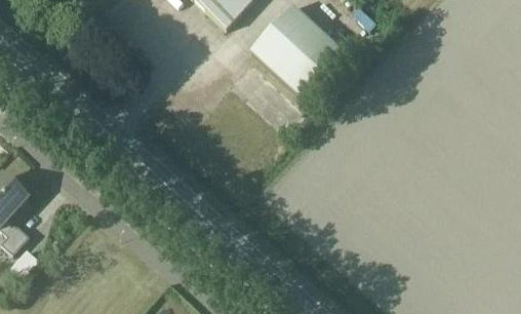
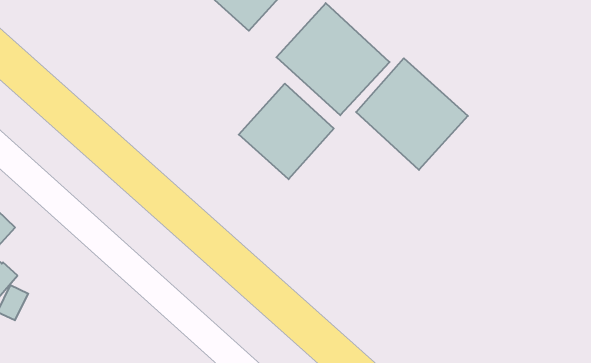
building: none -> [356,58,468,170]
building: none -> [239,84,334,179]

